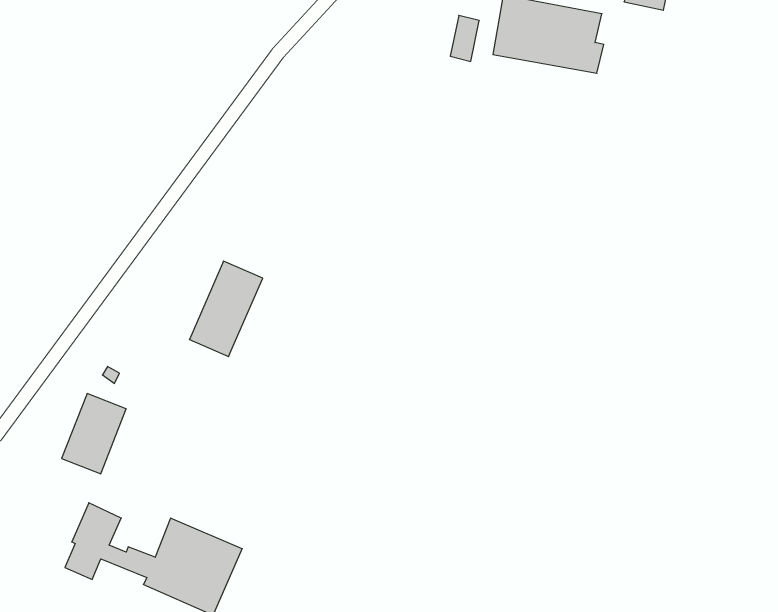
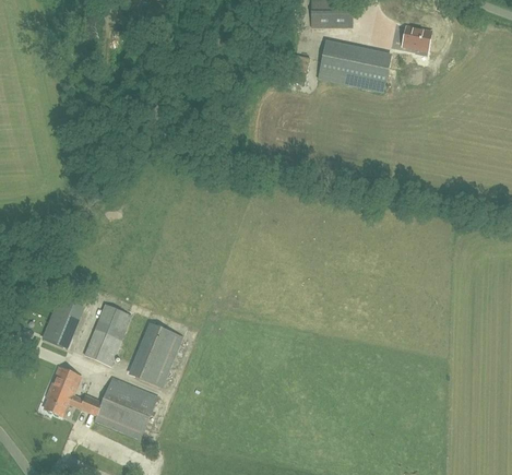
building: [189,261,263,357] -> [84,304,131,365]
building: none -> [134,324,181,387]

